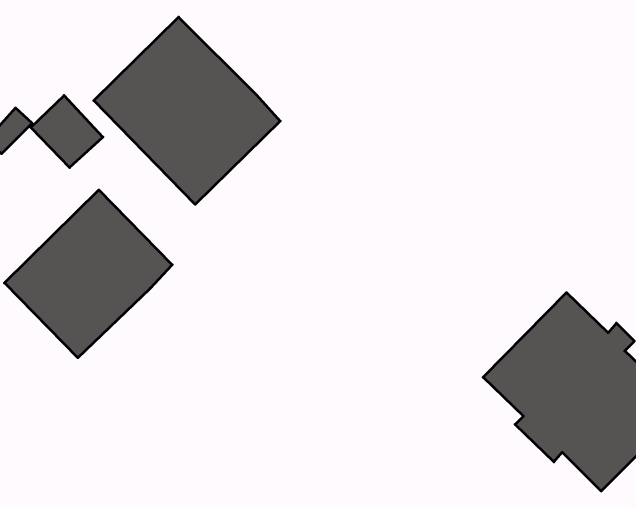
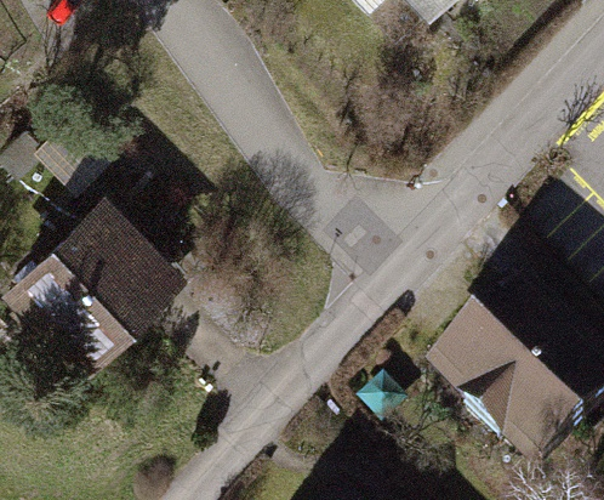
building: [94,17,280,204] -> none

